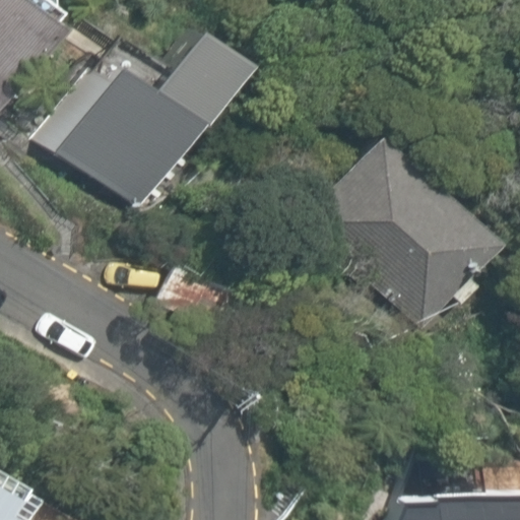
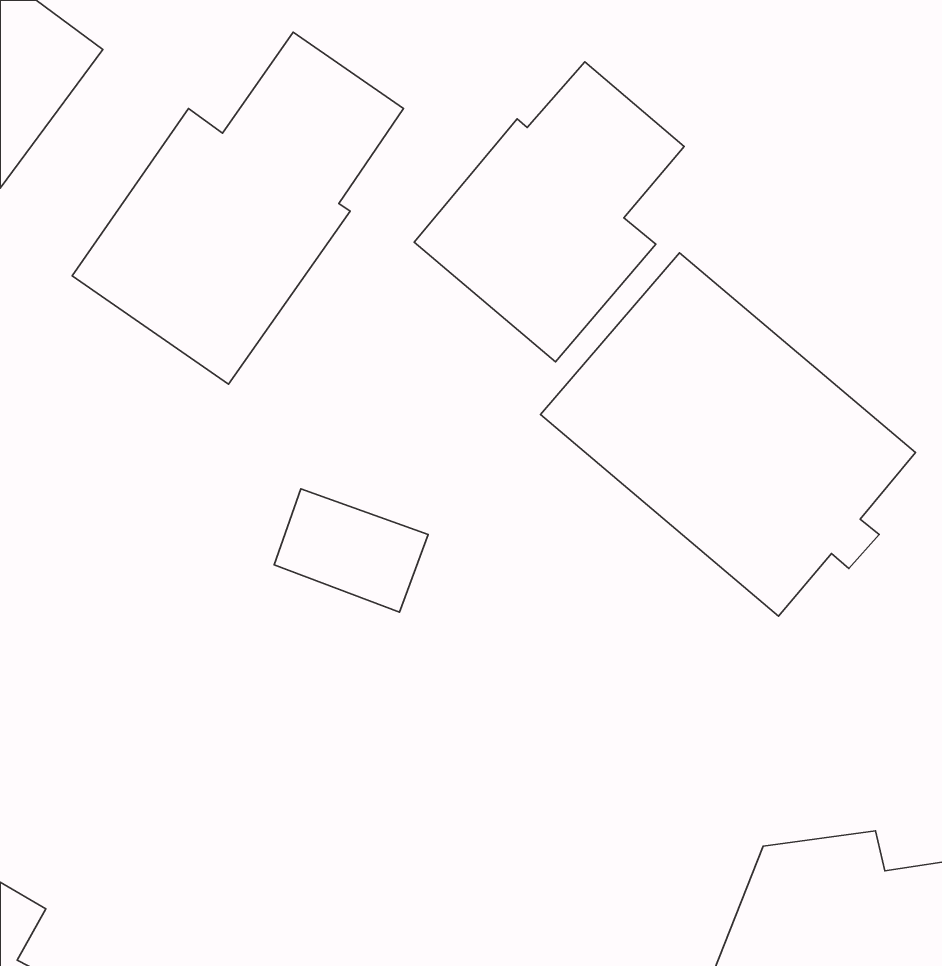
building: none -> [414,62,684,362]

